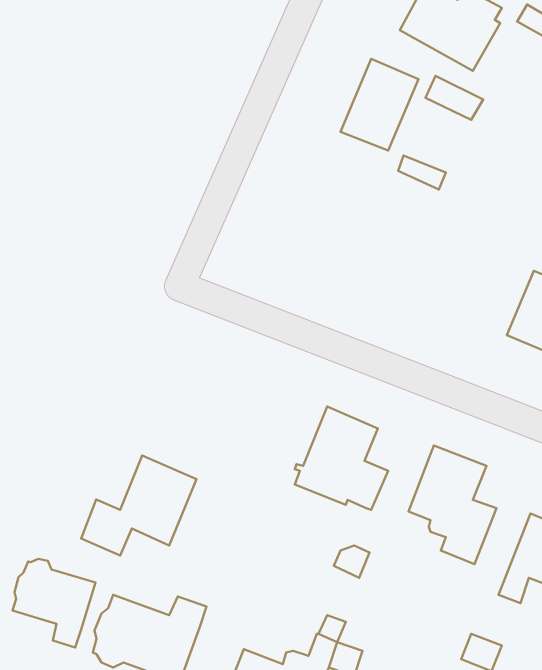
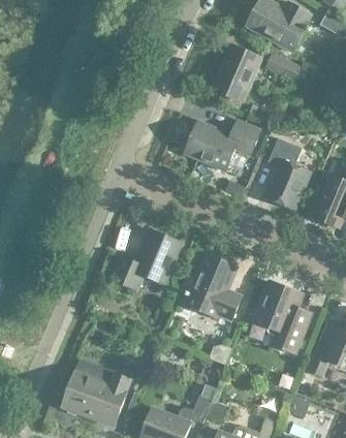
building: none -> [184,120,259,170]
building: none -> [264,137,309,209]
building: [81,455,196,556] -> [111,228,181,289]
building: [13,559,96,648] -> none

